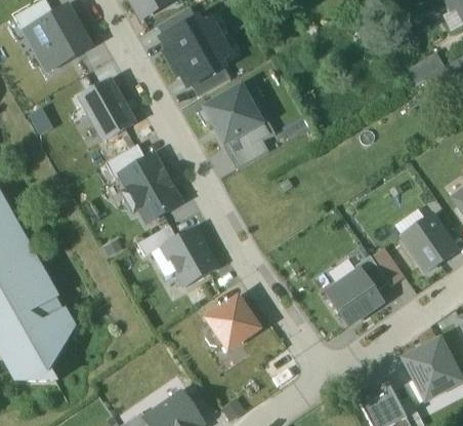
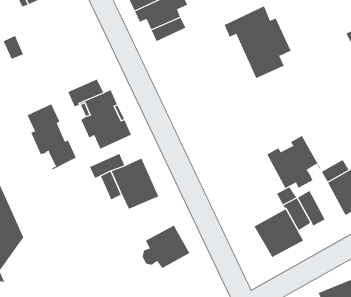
building: [80,80,134,139] -> none
building: [198,85,276,167] -> [224,6,292,79]
building: none -> [27,103,77,170]
building: none -> [267,135,321,189]

